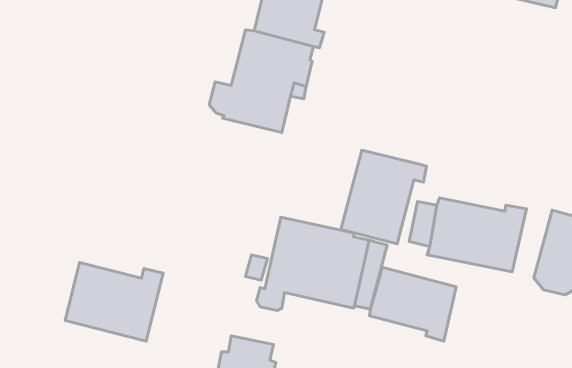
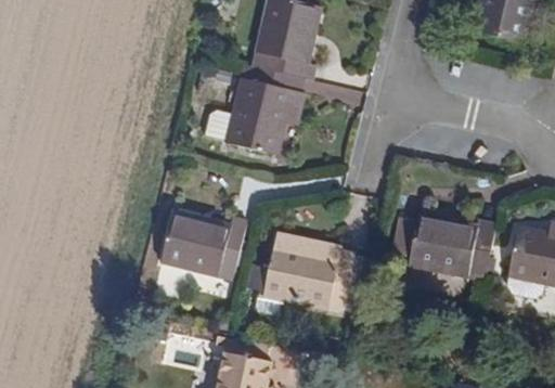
building: [341,150,427,244] -> none
building: [65,262,163,341] -> [160,209,248,280]
building: [370,267,456,341] -> none

